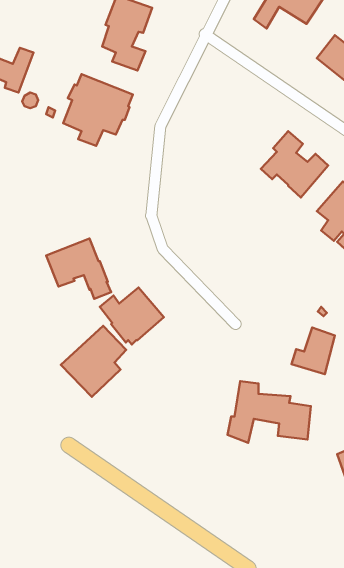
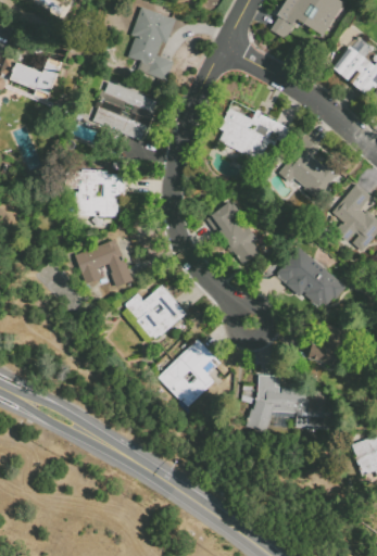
building: none -> [218,108,290,160]
building: none -> [66,168,125,216]
building: none -> [205,201,259,264]
building: none -> [276,247,345,306]
building: [61,326,126,397] -> [158,339,219,406]

